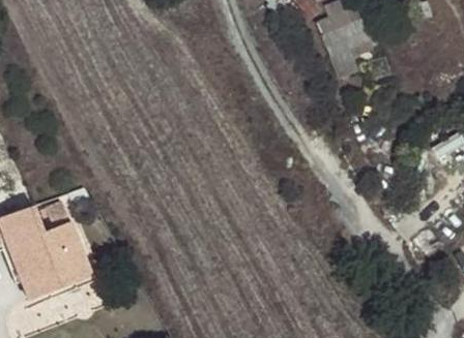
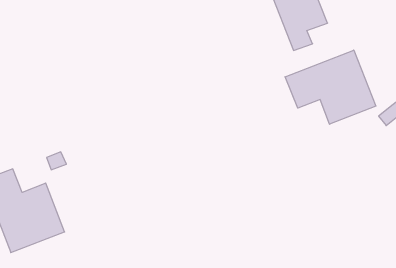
building: none -> [285,50,376,124]

